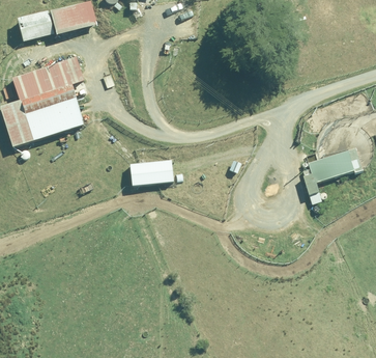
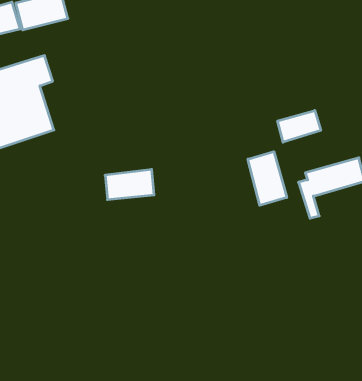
building: none -> [278,110,321,142]
building: none -> [248,152,287,205]

